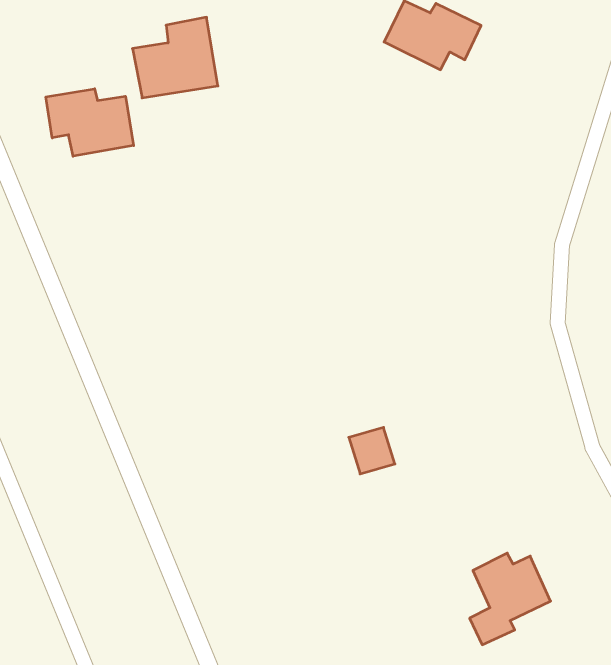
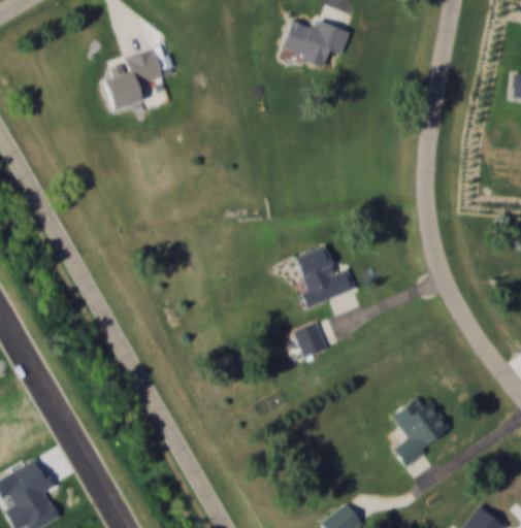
building: [46,89,134,156] -> none
building: none -> [296,245,355,307]

